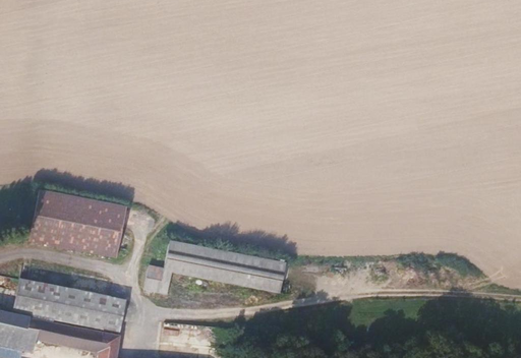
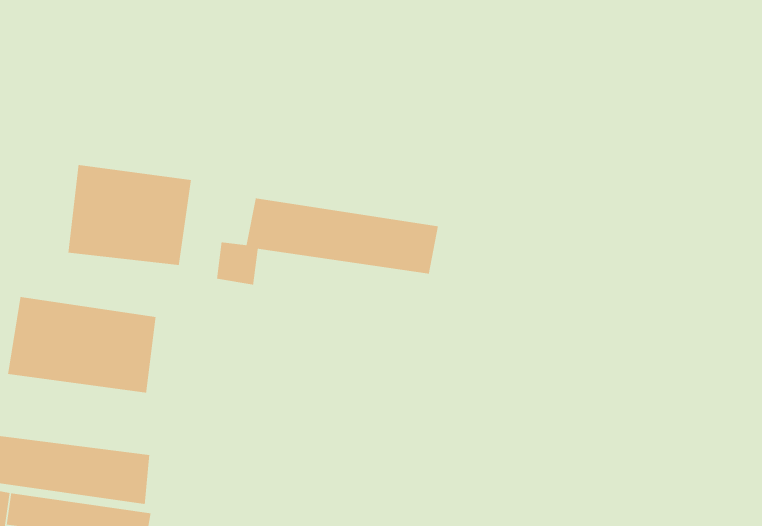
building: none -> [67,164,192,266]
building: [146,242,290,299] -> [216,198,439,285]

